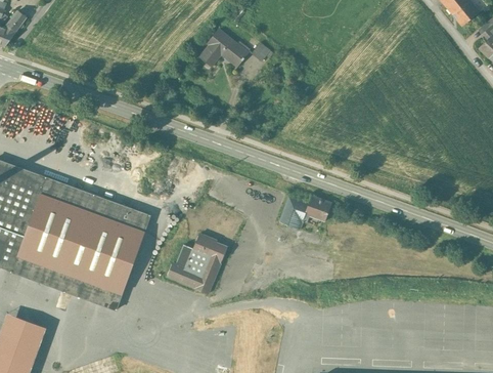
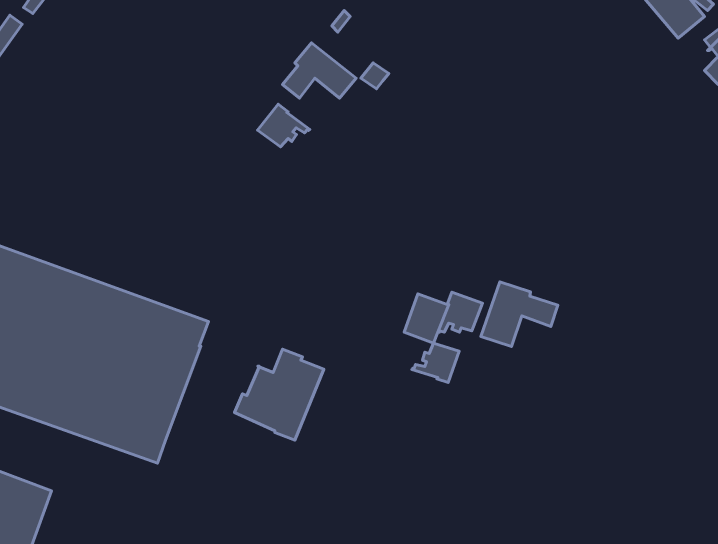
building: none -> [258,104,310,147]
building: none -> [481,282,558,346]
building: none -> [412,343,459,382]

